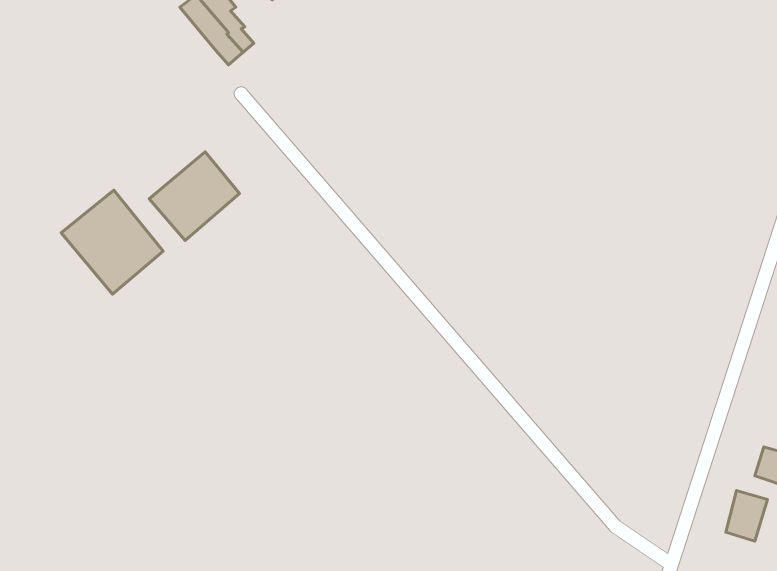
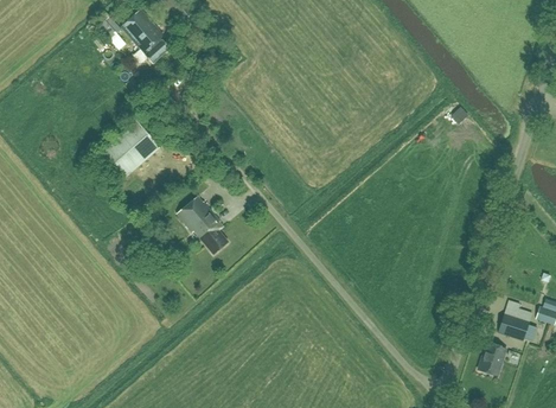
building: [61,190,163,294] -> none
building: none -> [178,193,228,251]

